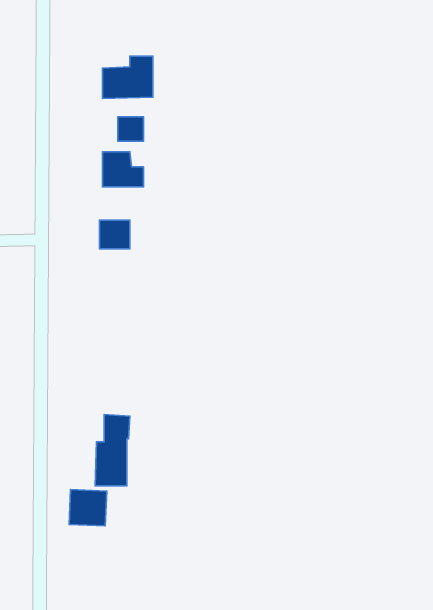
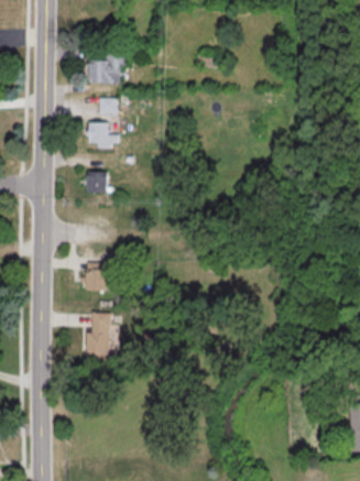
building: none -> [84,256,112,289]
building: [69,489,107,526] -> none

